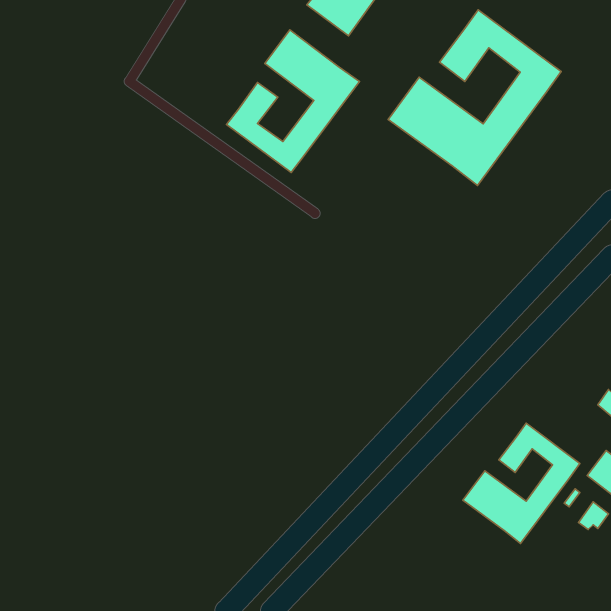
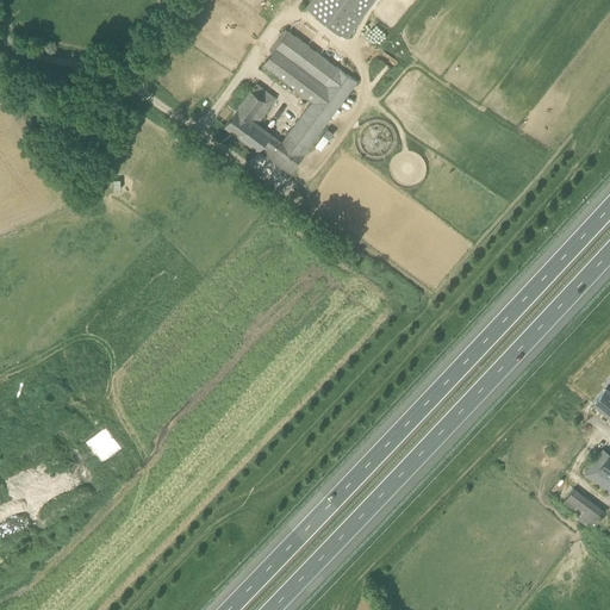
building: [388,10,561,186] -> none
building: [463,423,580,543] -> none

